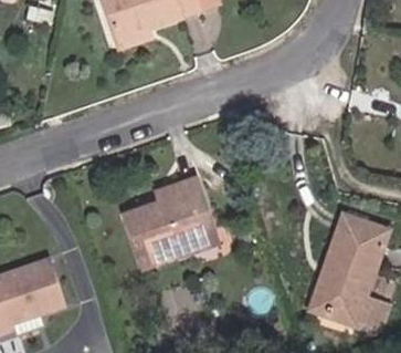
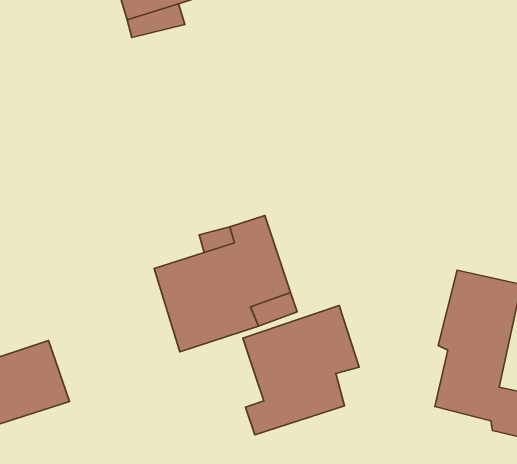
building: none -> [243,306,359,435]

